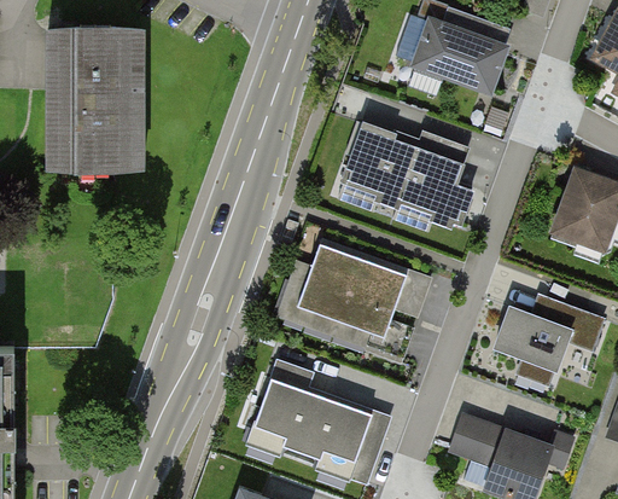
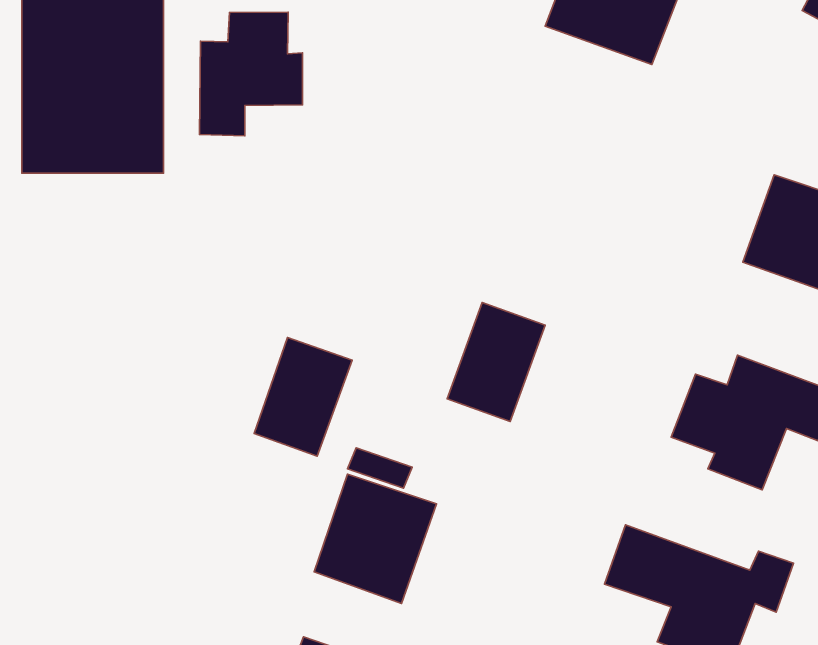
building: none -> [200,12,302,136]
building: [340,122,474,231] -> none
building: [296,242,363,324] -> [254,337,352,456]
building: [308,396,393,486] -> none

